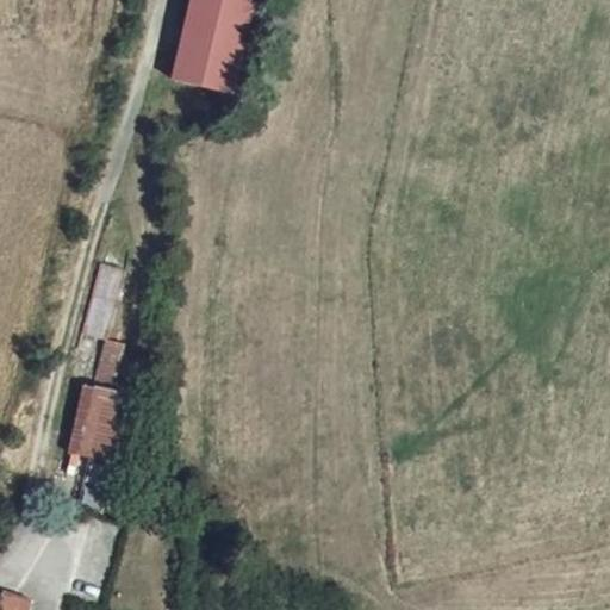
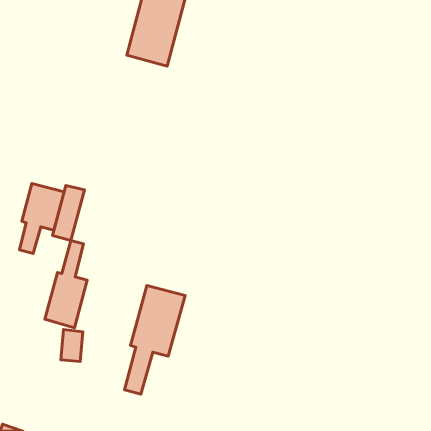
building: none -> [19,183,64,254]
building: none -> [124,286,185,394]

